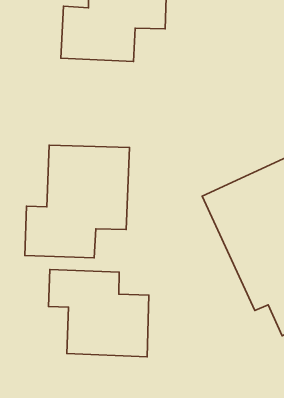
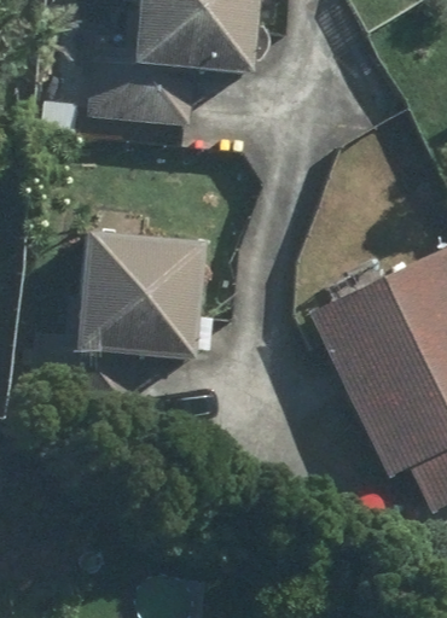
building: [48,270,149,357] -> none

